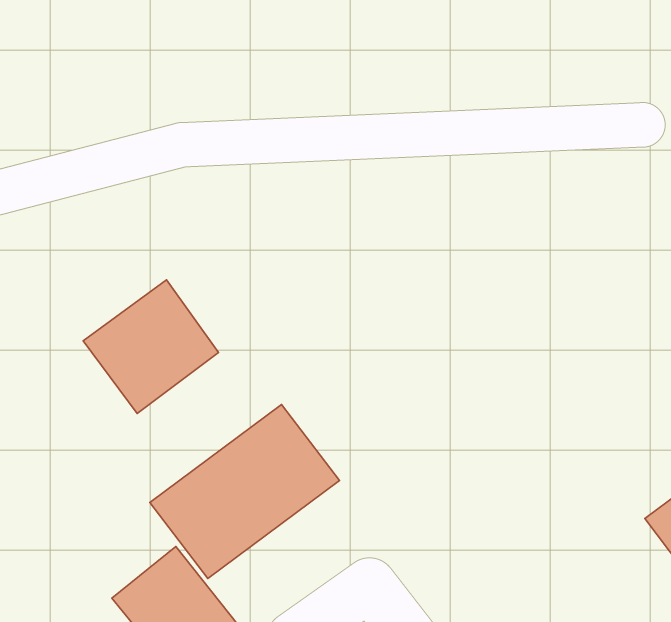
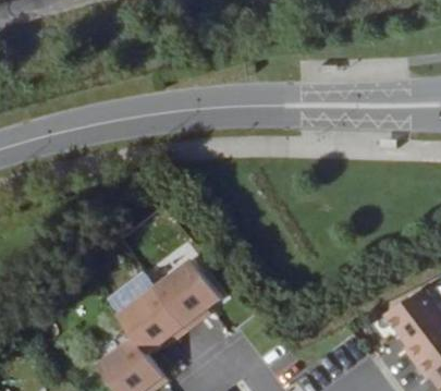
building: [83,280,218,414] -> none

